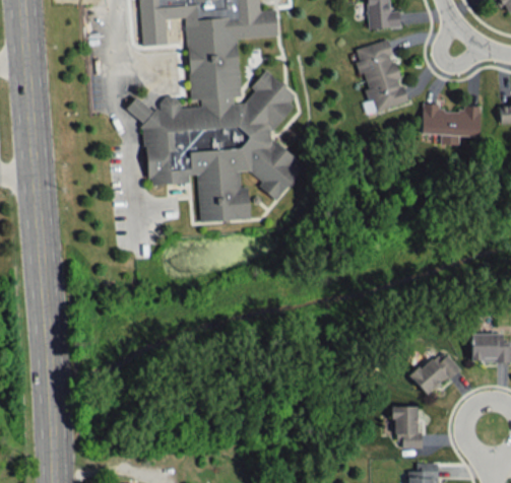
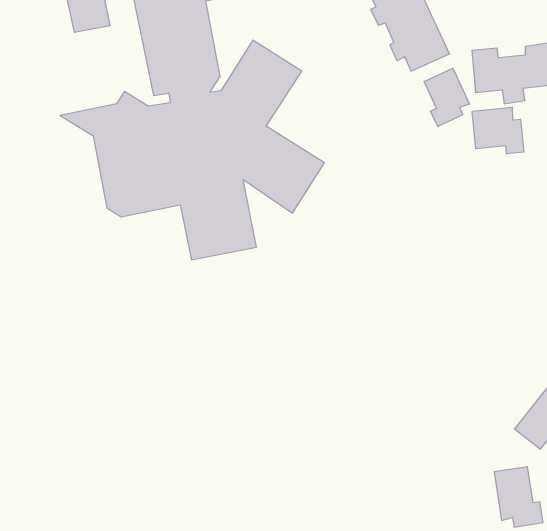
building: none -> [424,68,470,126]
building: none -> [472,107,524,154]

